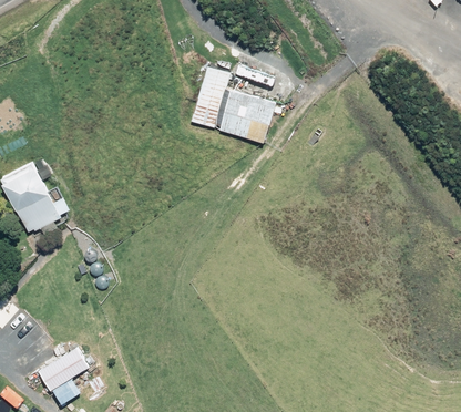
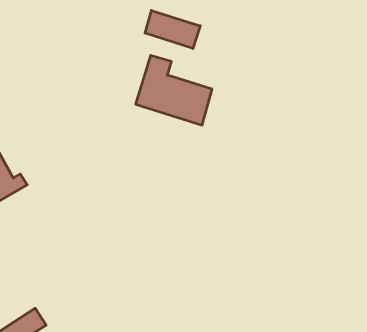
building: none -> [145,10,200,49]

